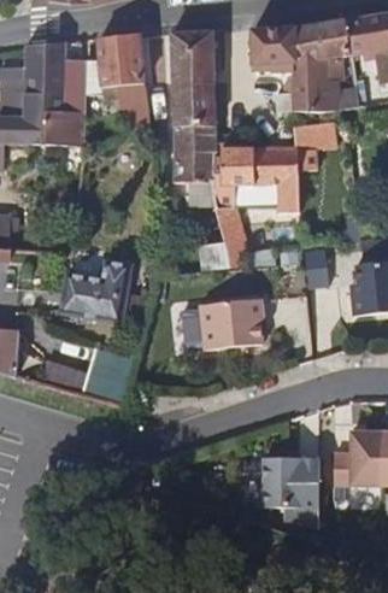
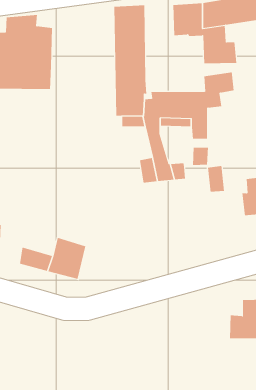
building: [87,33,151,134] -> none
building: [59,259,130,321] -> none
building: [178,300,258,351] -> none
building: [259,459,314,509] -> none

